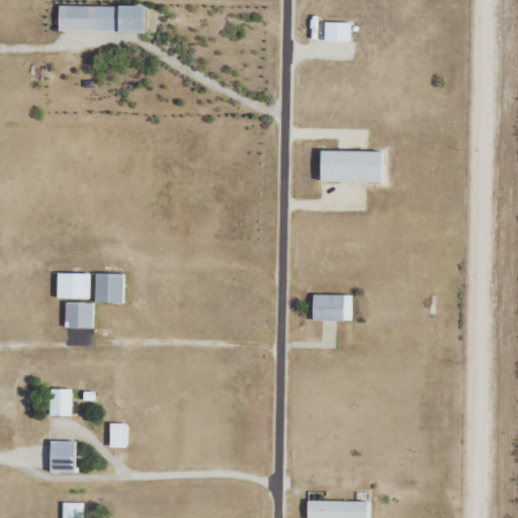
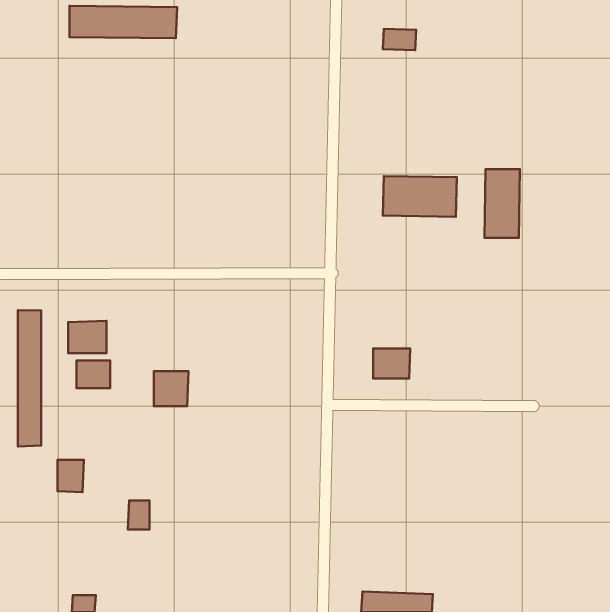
building: none -> [484,169,520,238]
building: none -> [18,310,41,447]
building: [96,274,125,304] -> [154,371,188,406]
building: [49,441,75,472] -> none

